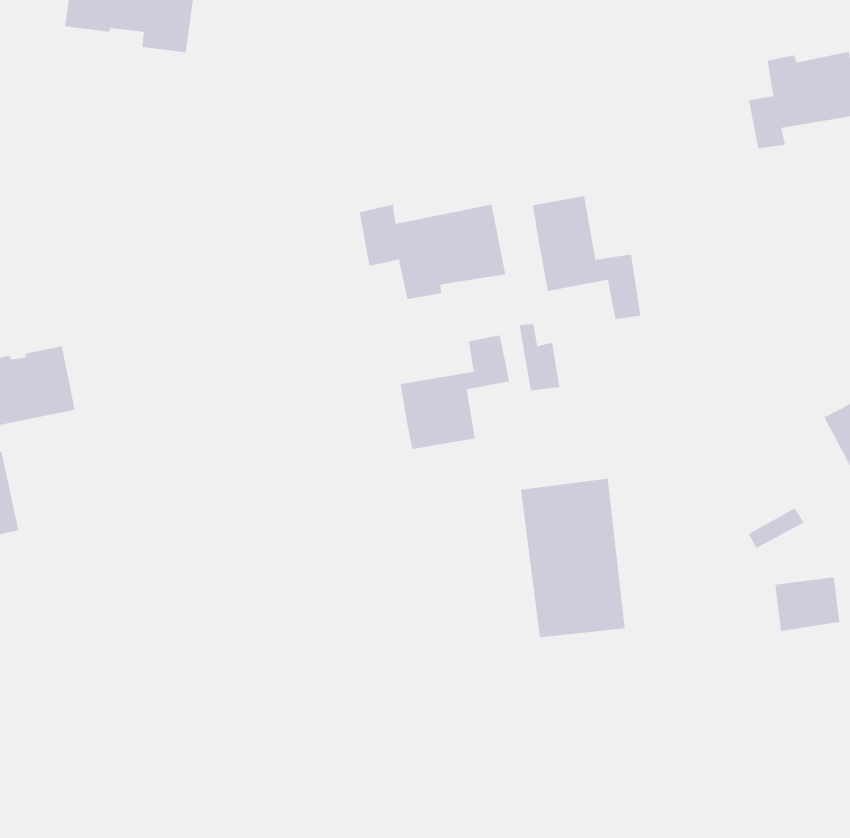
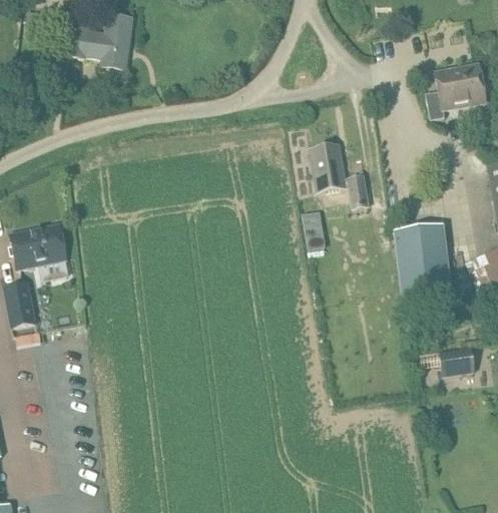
building: [359,204,506,300] -> none
building: [400,335,510,450] -> none
building: [520,478,626,638] -> [396,224,452,310]

